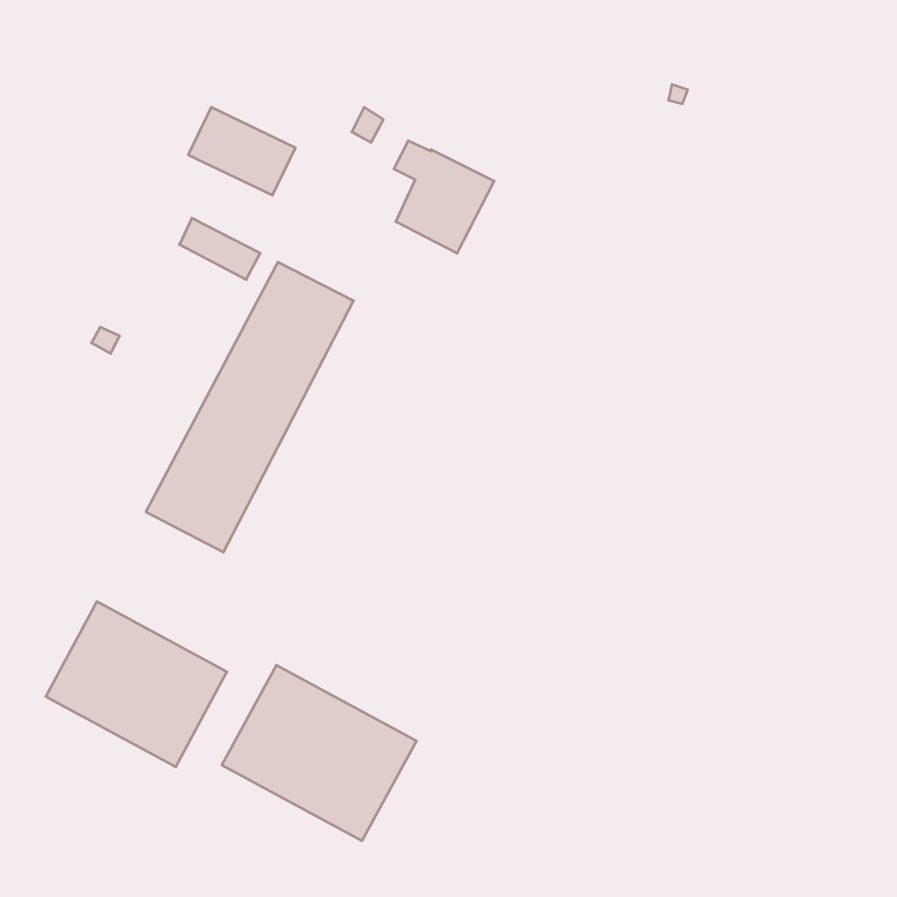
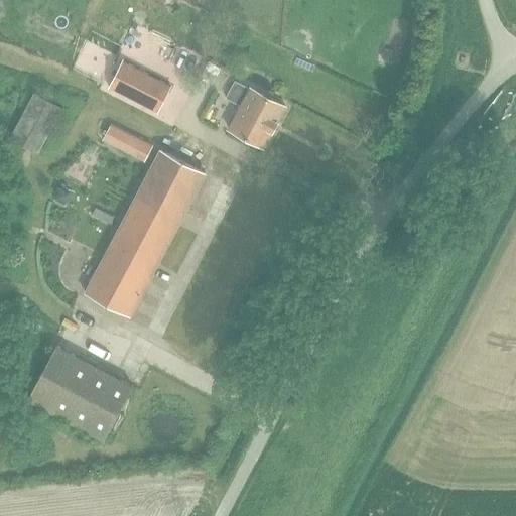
building: none -> [10,96,60,153]
building: [222,665,416,841] -> none

